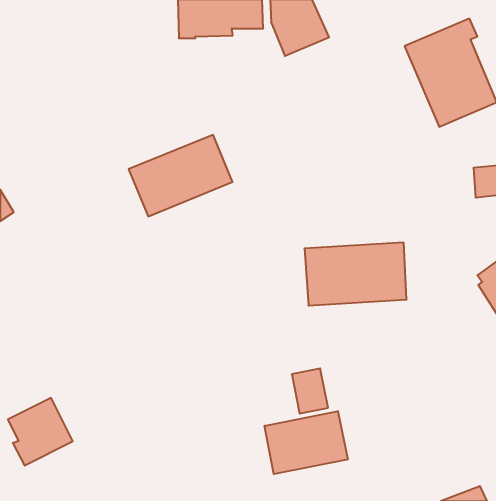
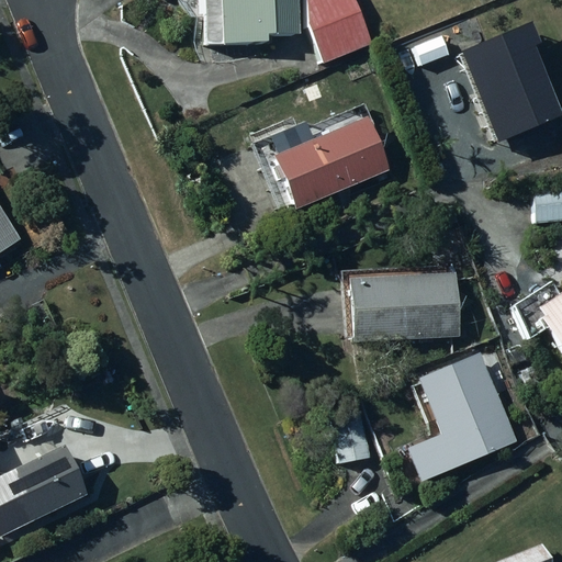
building: [129,135,233,216] -> [272,116,389,207]
building: none -> [409,350,518,479]
building: [265,411,348,474] -> none

